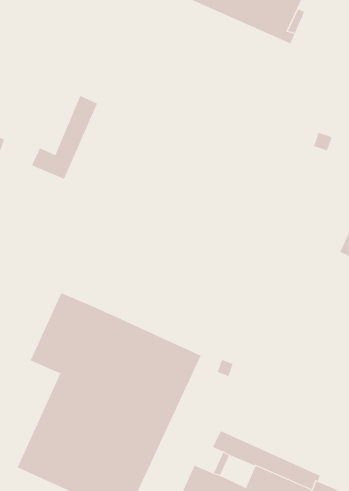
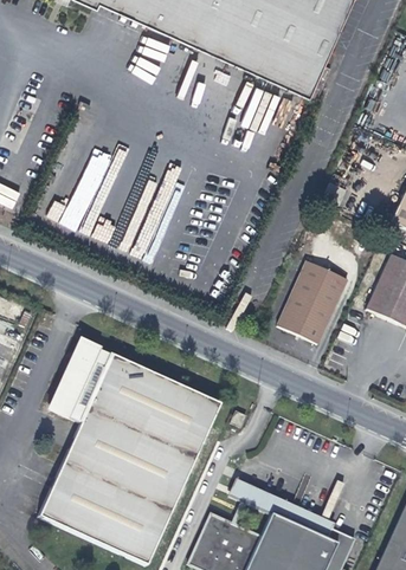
building: none -> [270,254,341,338]

